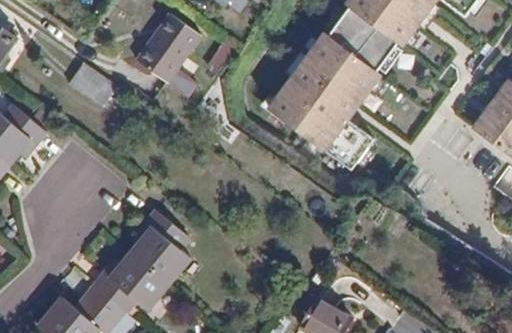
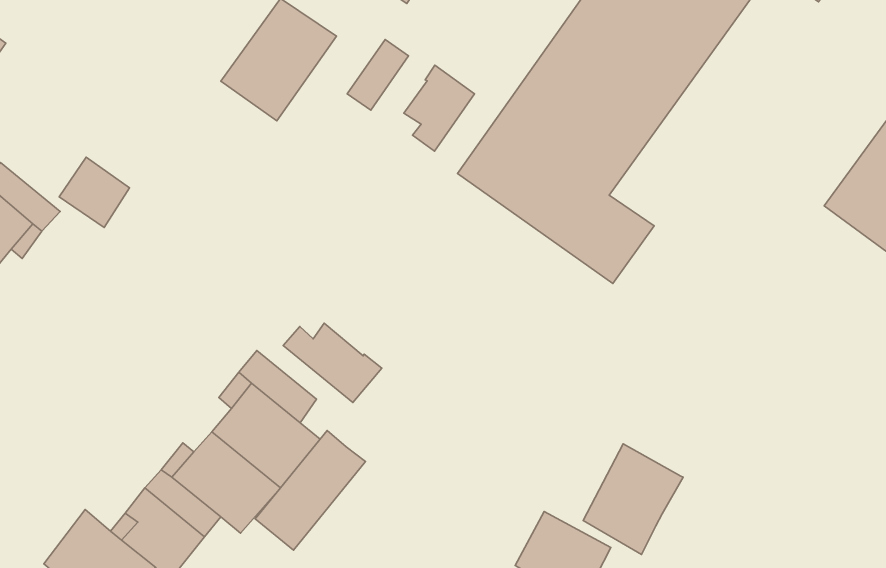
building: none -> [404,65,475,151]
building: [68,61,107,100] -> [59,157,130,228]
building: none -> [283,323,382,403]
building: none -> [255,430,365,550]
building: none -> [583,444,683,554]

